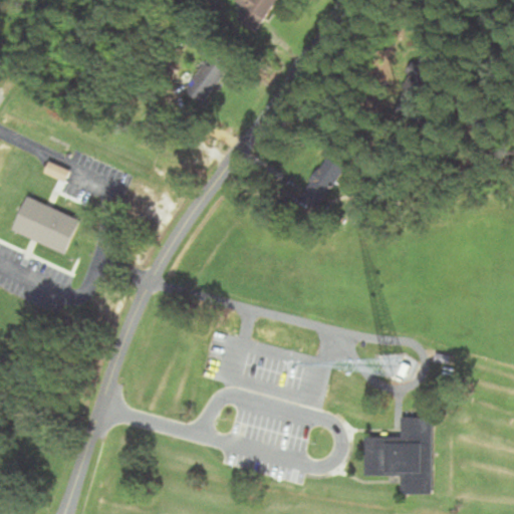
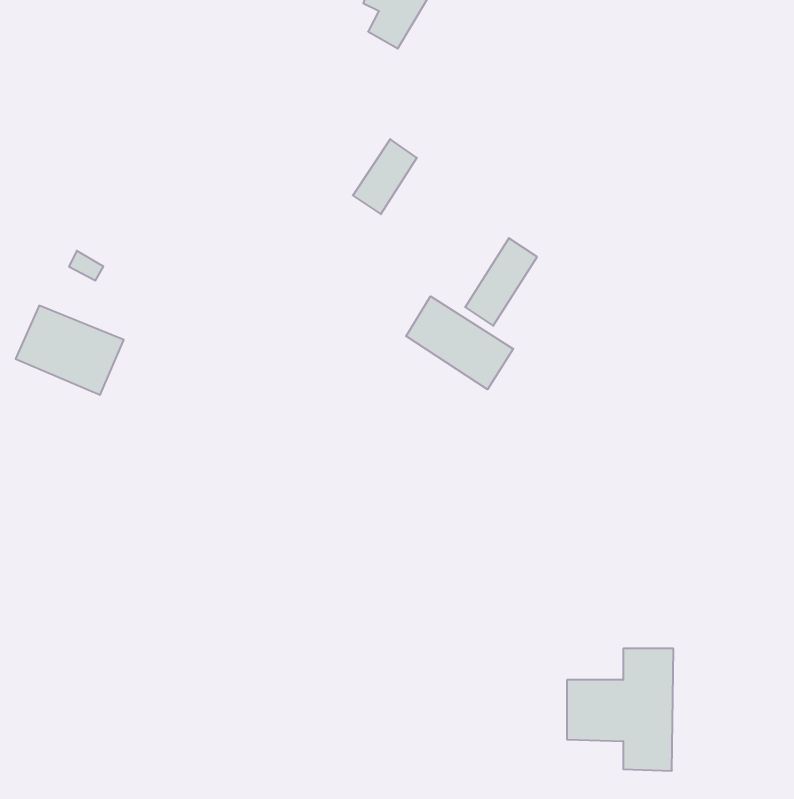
building: [184,55,225,103] -> [353,139,417,214]
building: none -> [406,296,513,389]

